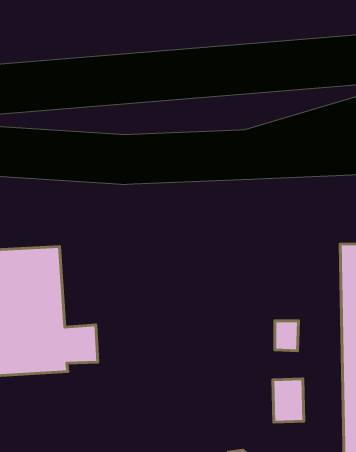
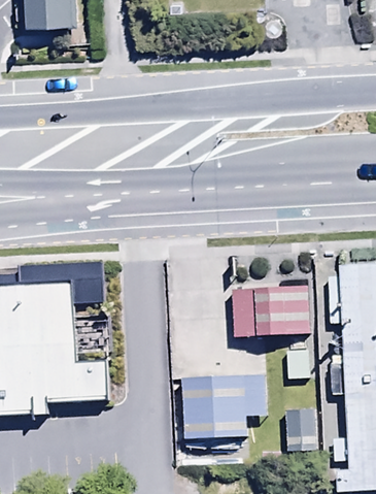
building: none -> [231,287,311,340]
building: none -> [180,376,265,440]

